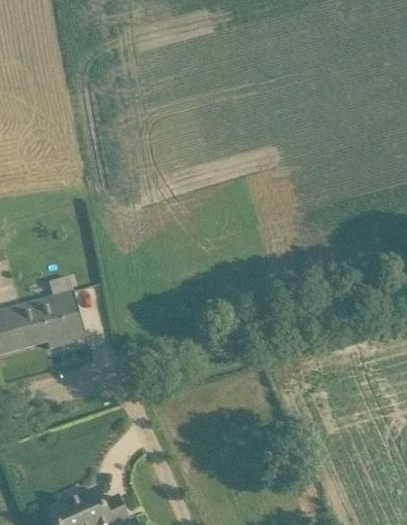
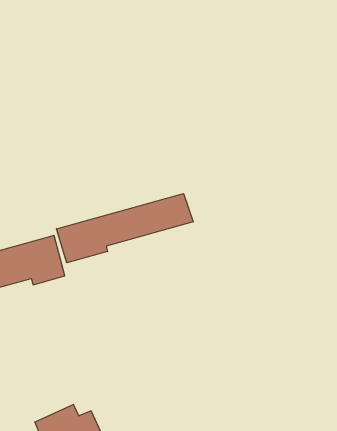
building: none -> [57,194,193,263]

